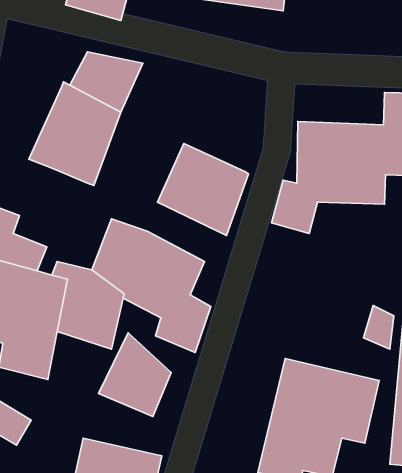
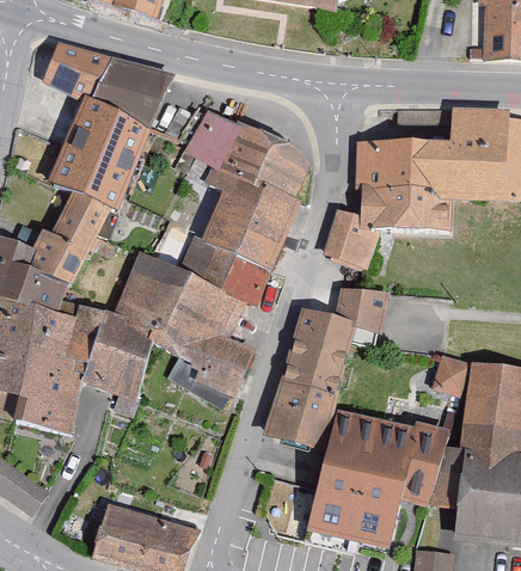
building: none -> [39,42,112,100]
building: none -> [189,108,308,197]
building: none -> [27,194,112,283]
building: none -> [180,232,271,303]
building: none -> [264,291,387,448]
building: [99,333,171,416] -> none

